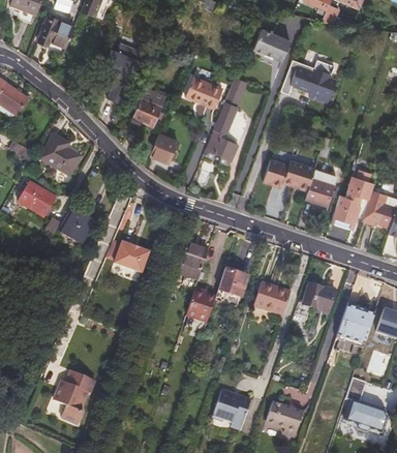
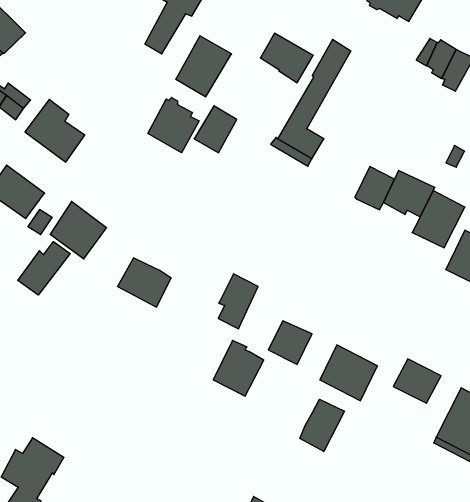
building: none -> [148,97,199,153]
building: none -> [18,242,70,295]
building: none -> [300,399,344,452]

